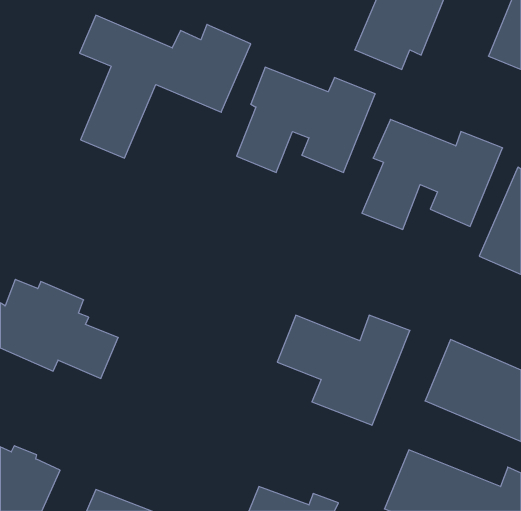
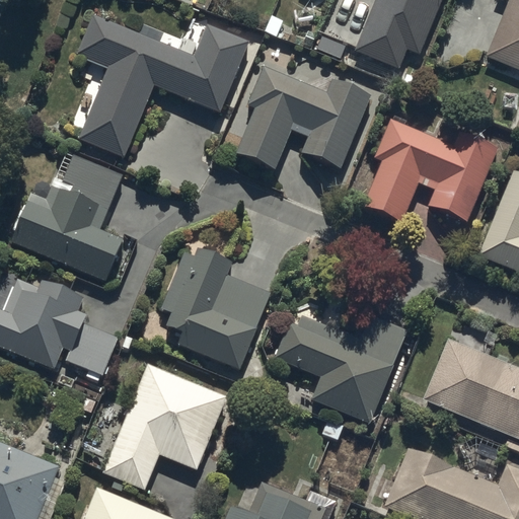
building: none -> [10,153,125,282]
building: none -> [160,248,271,368]
building: none -> [103,365,224,489]

